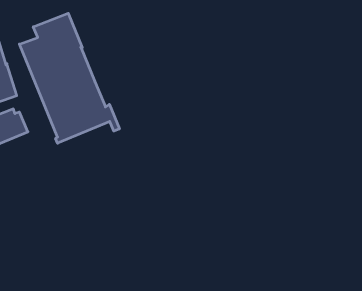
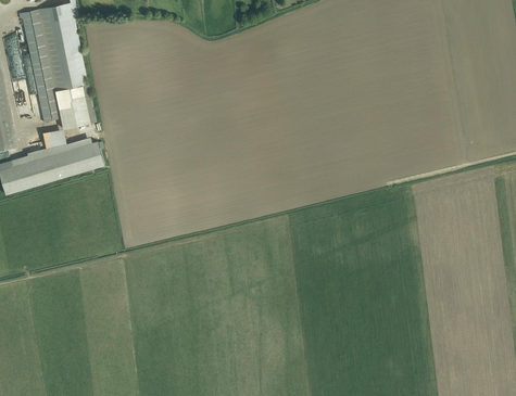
building: [19,13,119,143] -> none

